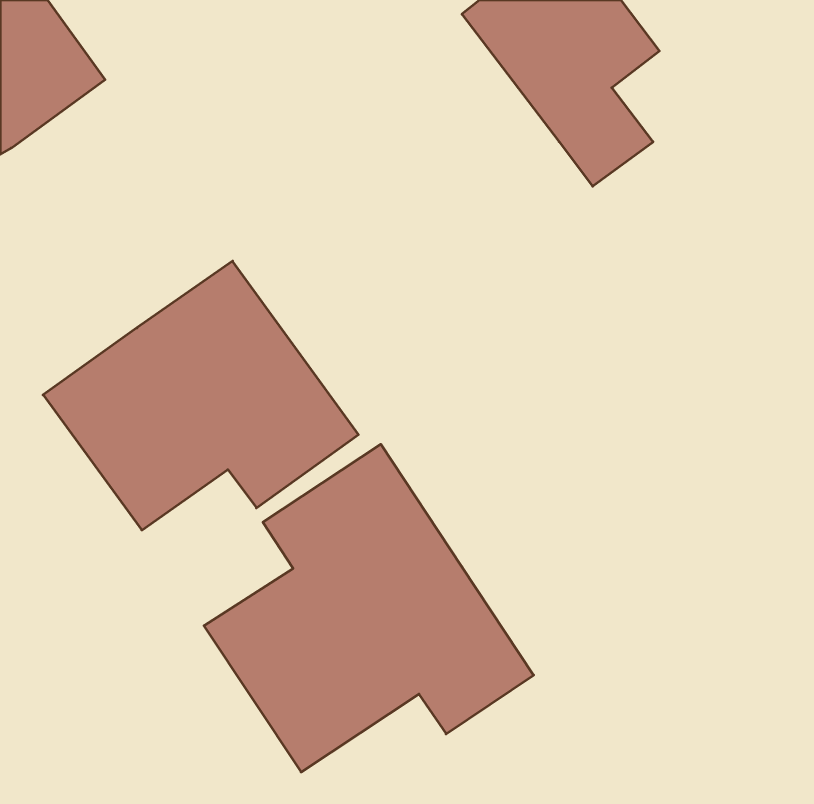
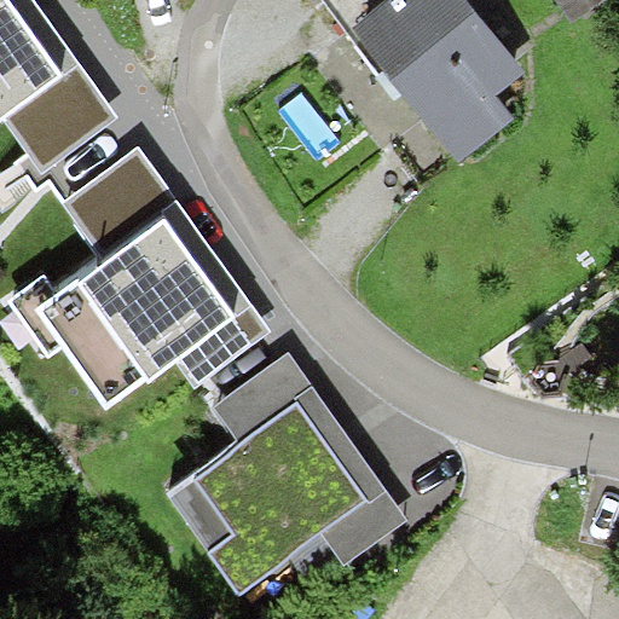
building: none -> [8,68,117,169]
building: none -> [65,151,177,256]

